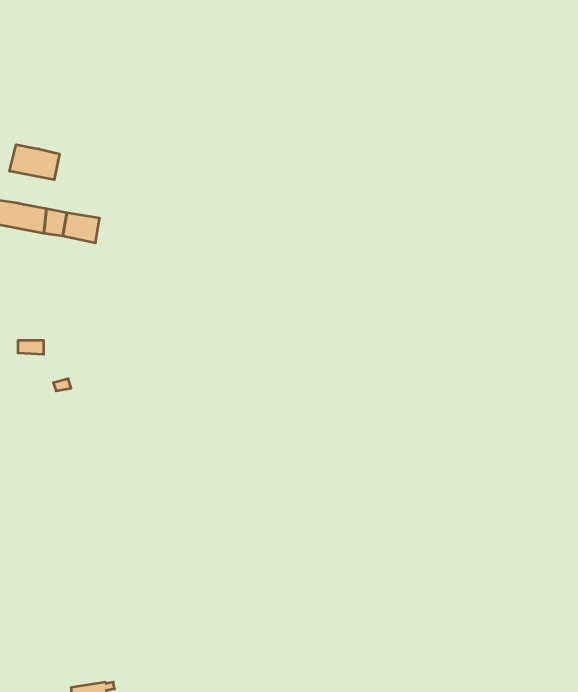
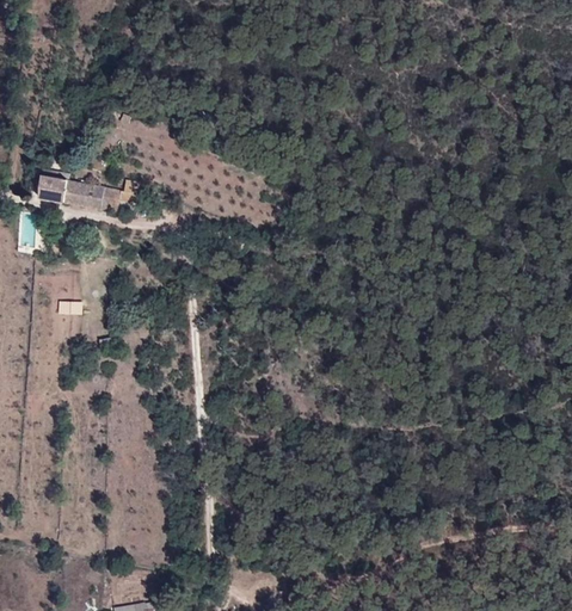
building: [10,145,59,180] -> none

